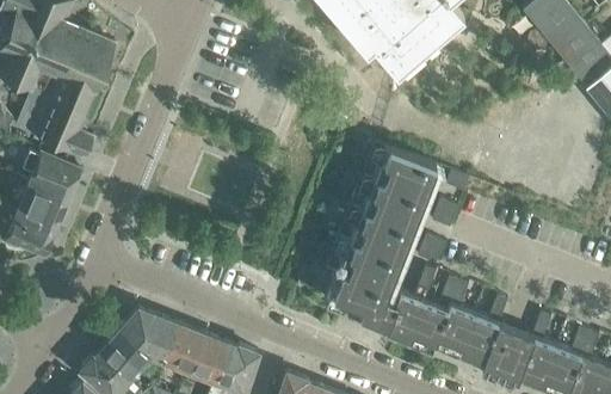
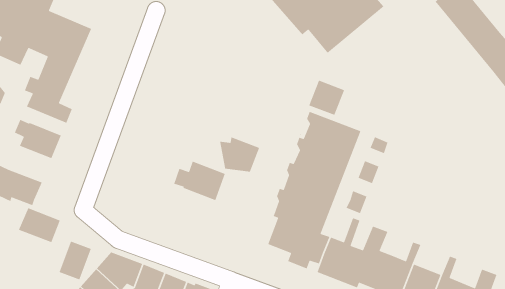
building: none -> [308,79,345,116]
building: none -> [219,136,260,172]
building: [17,184,68,227] -> [18,207,61,243]
building: none -> [173,161,226,201]
building: none -> [58,241,92,281]

